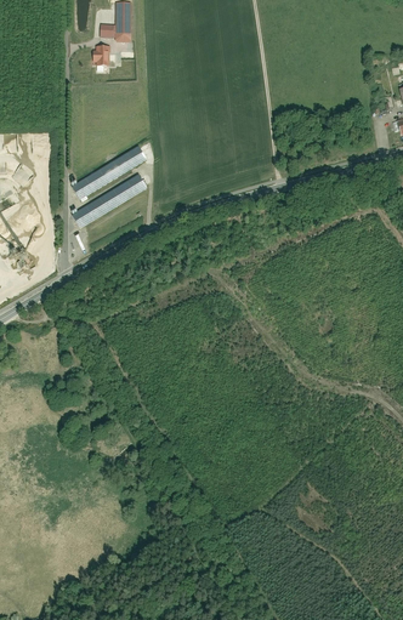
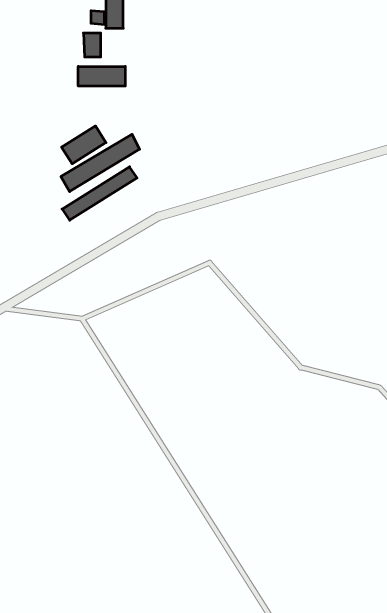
building: none -> [78,66,125,86]
building: none -> [62,126,106,164]

